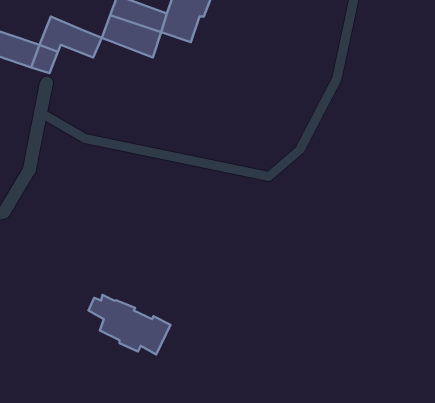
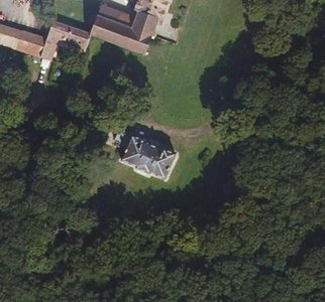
building: none -> [122,29,149,55]
building: [88,295,170,354] -> [119,134,178,176]

